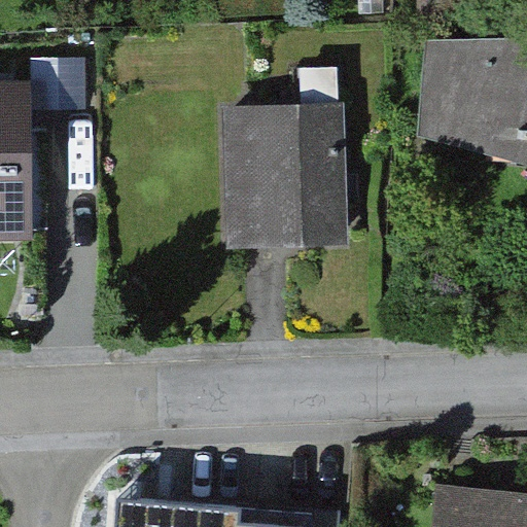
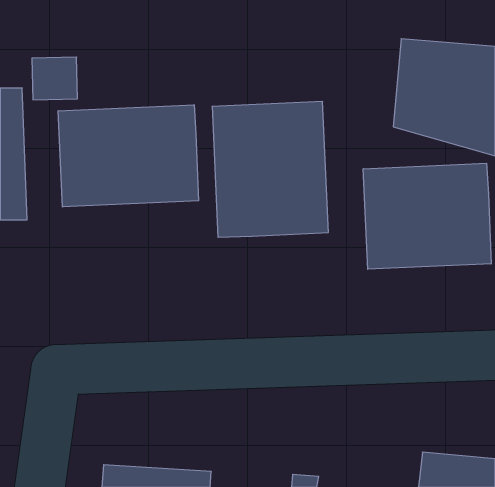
building: none -> [58,105,198,207]
building: none -> [363,163,491,269]

